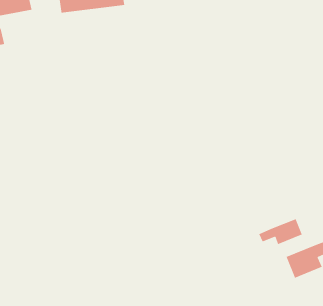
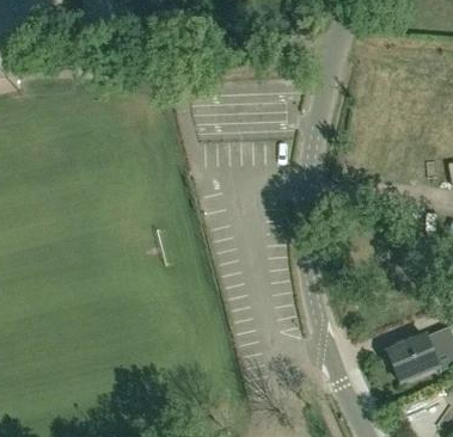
building: [258,218,303,245] -> none

